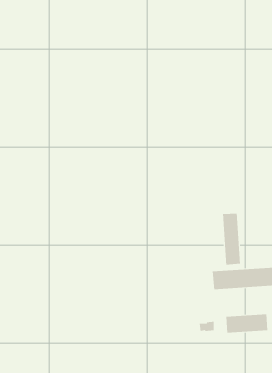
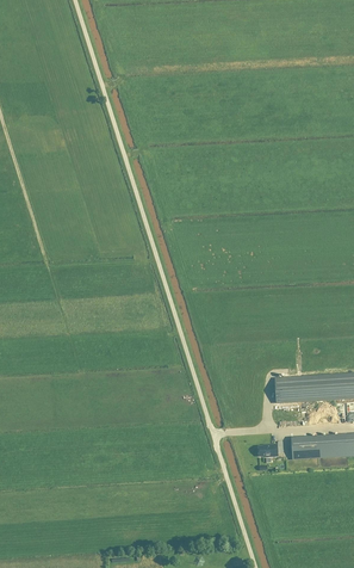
building: [222,213,241,265] -> none

